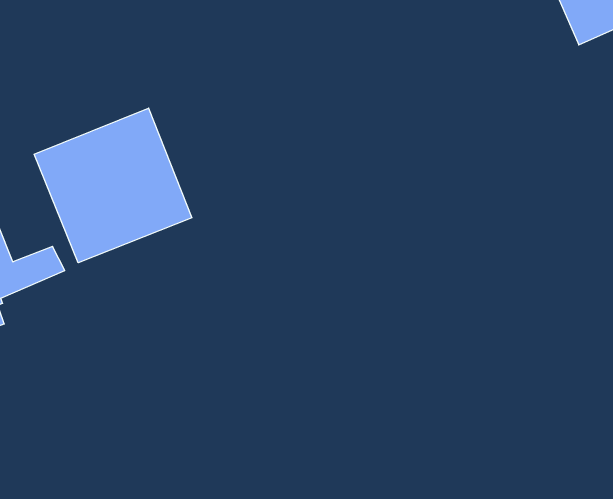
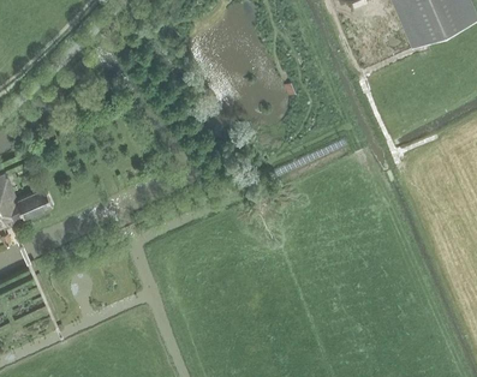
building: [34,108,192,263] -> none

